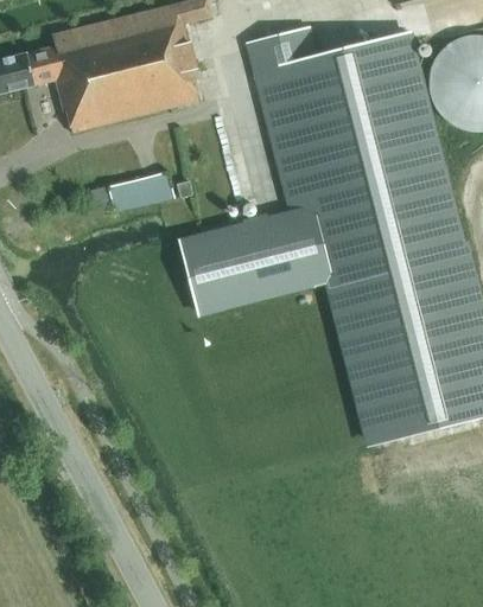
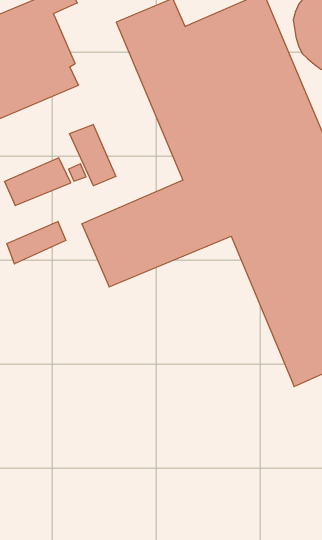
building: none -> [69,124,116,186]
building: none -> [7,221,66,264]

